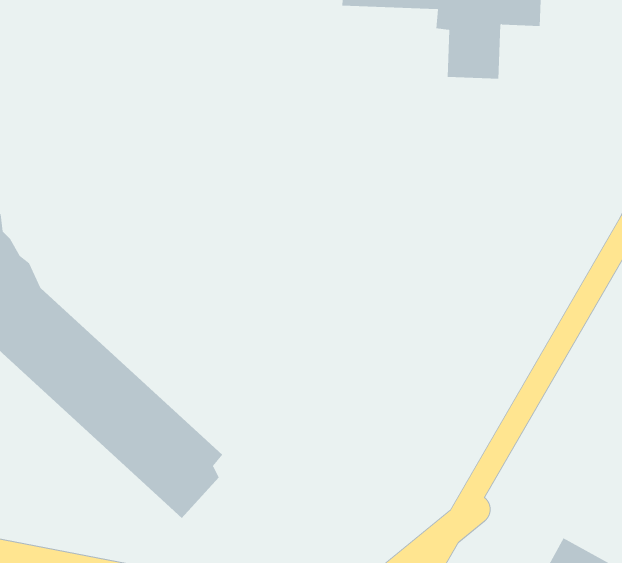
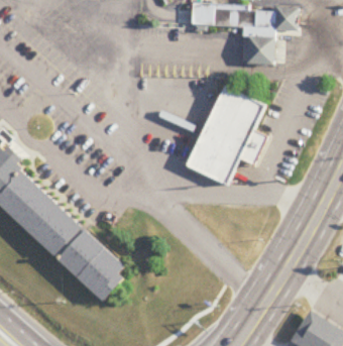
building: none -> [185,85,267,186]

